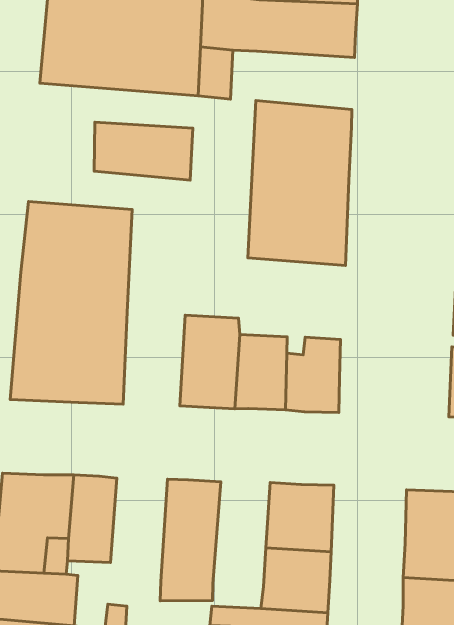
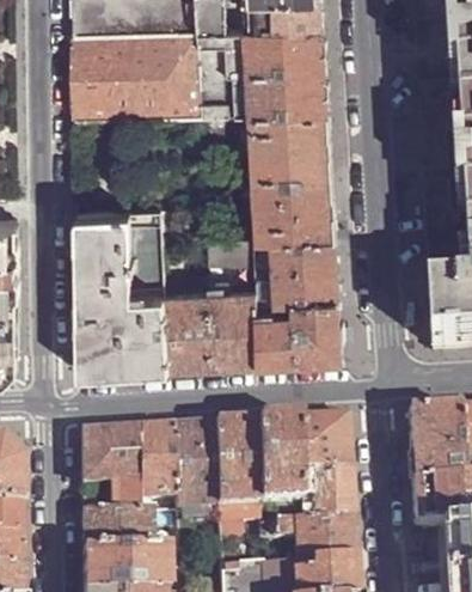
building: [94,122,193,180] -> [249,69,330,112]
building: none -> [255,237,341,301]
building: none -> [167,291,217,367]
building: none -> [173,423,217,508]
building: none -> [257,417,300,503]

